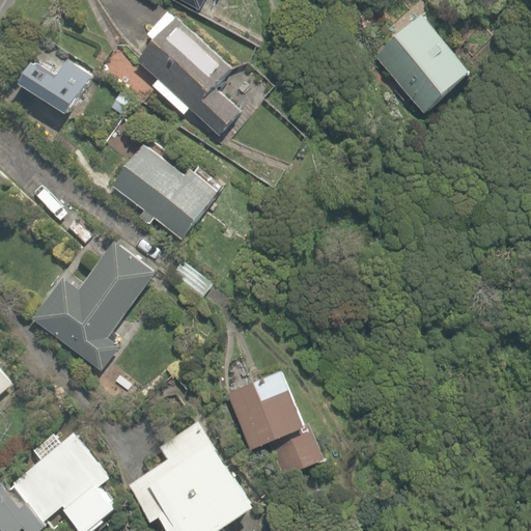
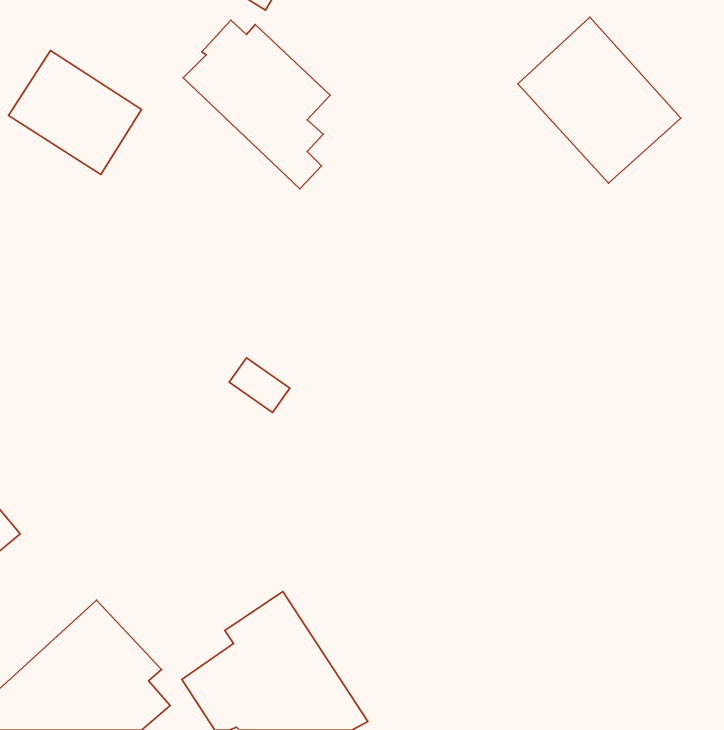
building: [104,131,220,243] -> none
building: [25,245,152,383] -> none
building: [224,364,318,470] -> none

